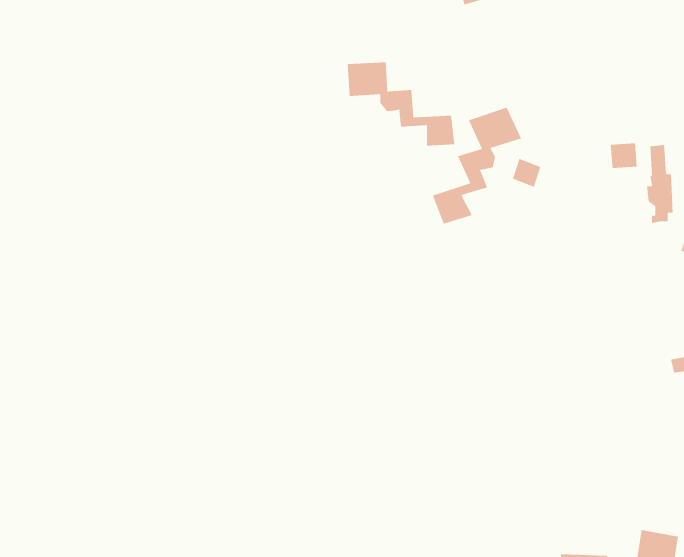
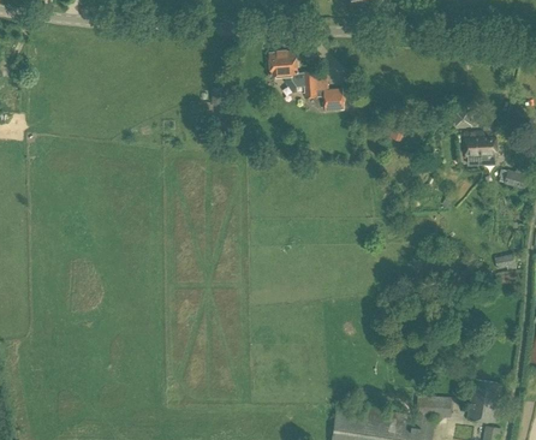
building: [432,107,522,224] -> none
building: none -> [463,131,483,165]

